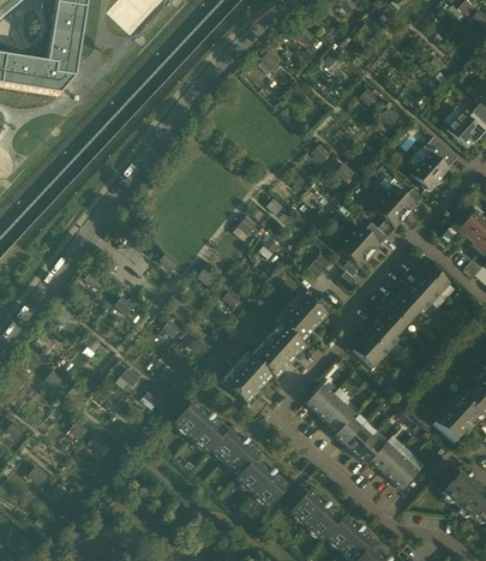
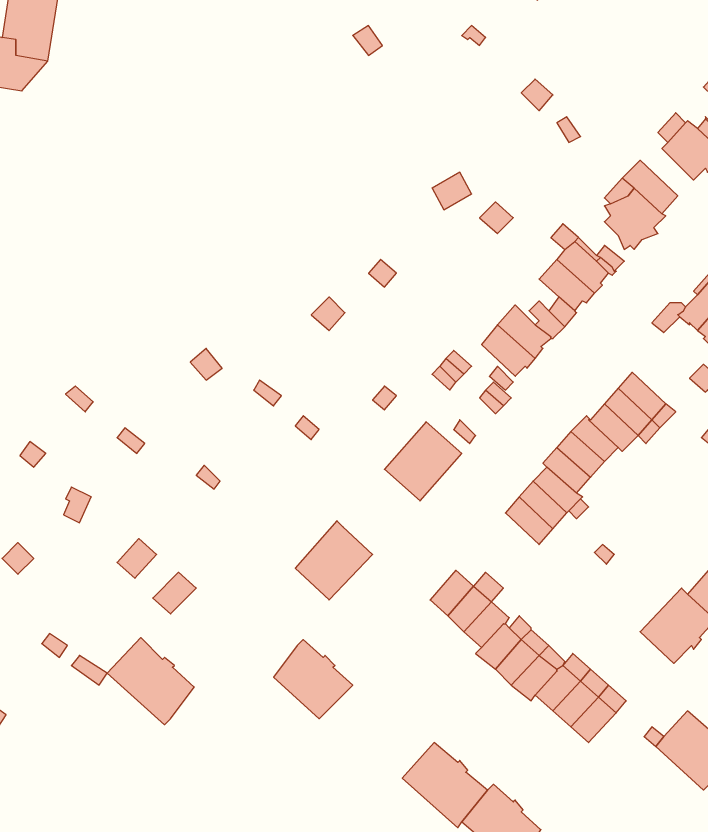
building: [253,323,304,377] -> none
building: [173,400,226,453] -> [107,638,194,725]
building: [235,458,288,508] -> none

